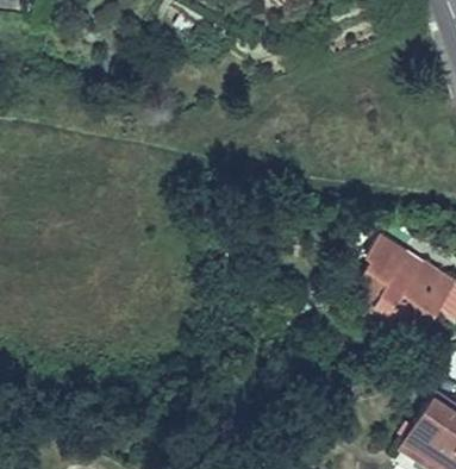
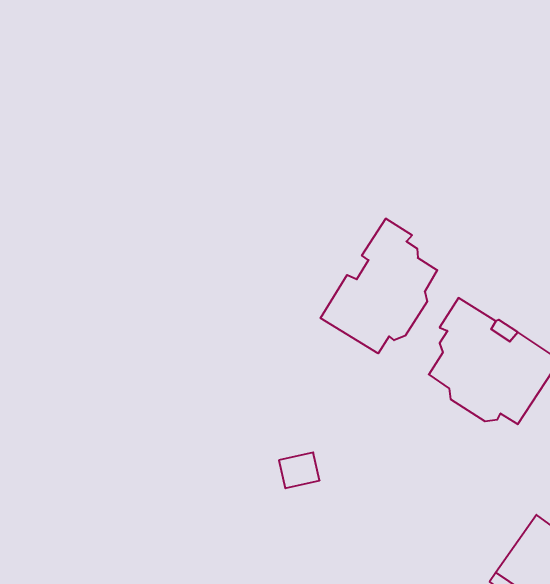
building: none -> [321,218,437,353]

